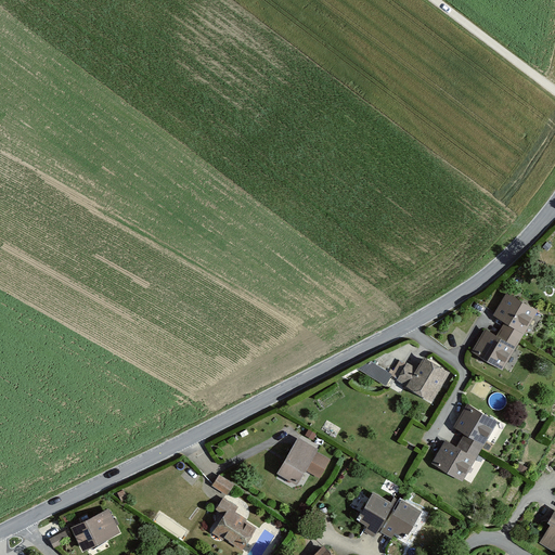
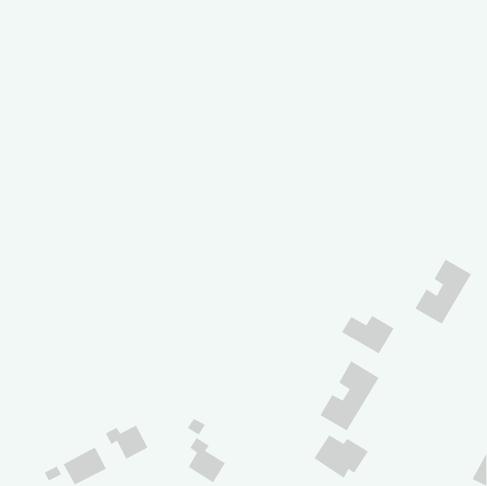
building: [431,402,500,482] -> [319,361,379,431]
building: [279,437,331,482] -> none
building: none -> [105,425,148,459]

